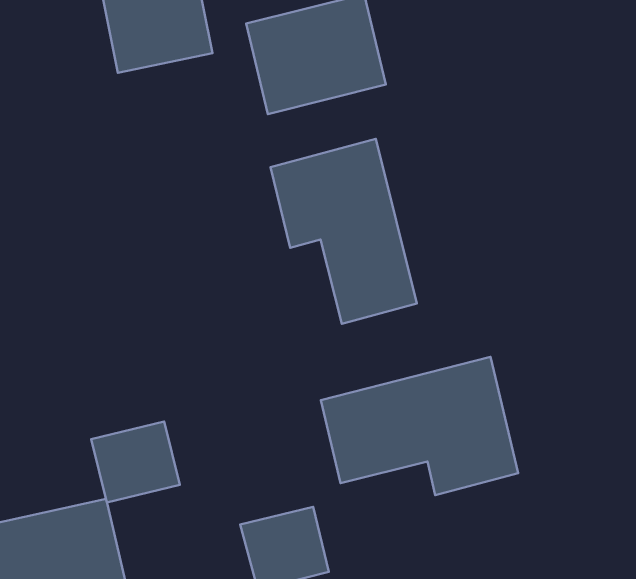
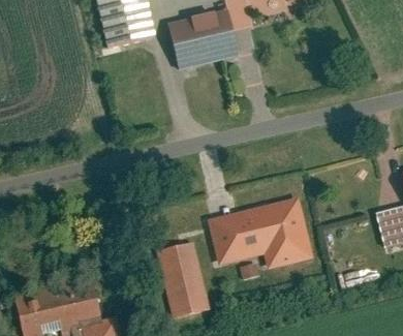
building: [270,139,417,324] -> none
building: [91,422,180,502] -> [157,242,204,284]

